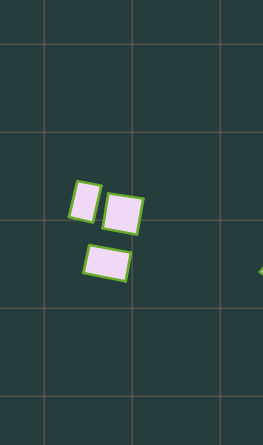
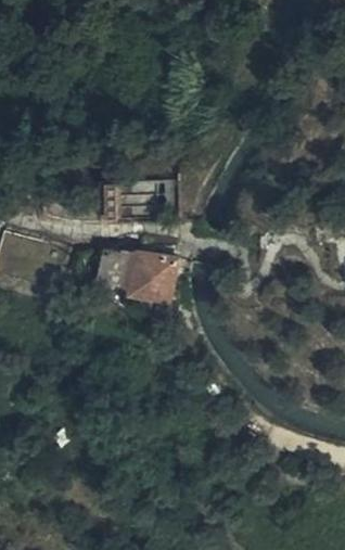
building: [83,245,131,282] -> none

